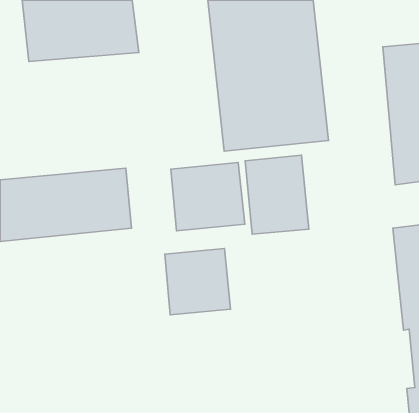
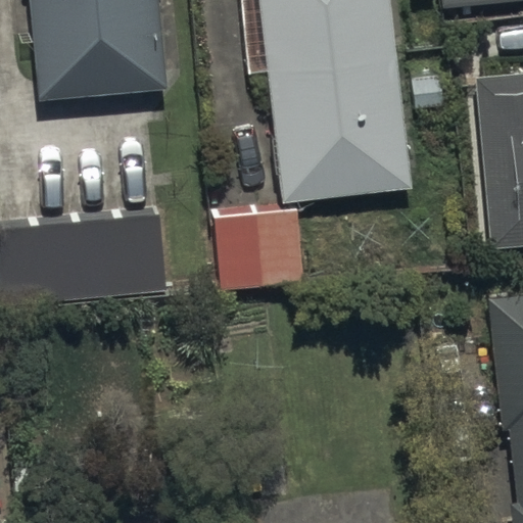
building: [245,155,309,234] -> none
building: [165,249,231,315] -> none

